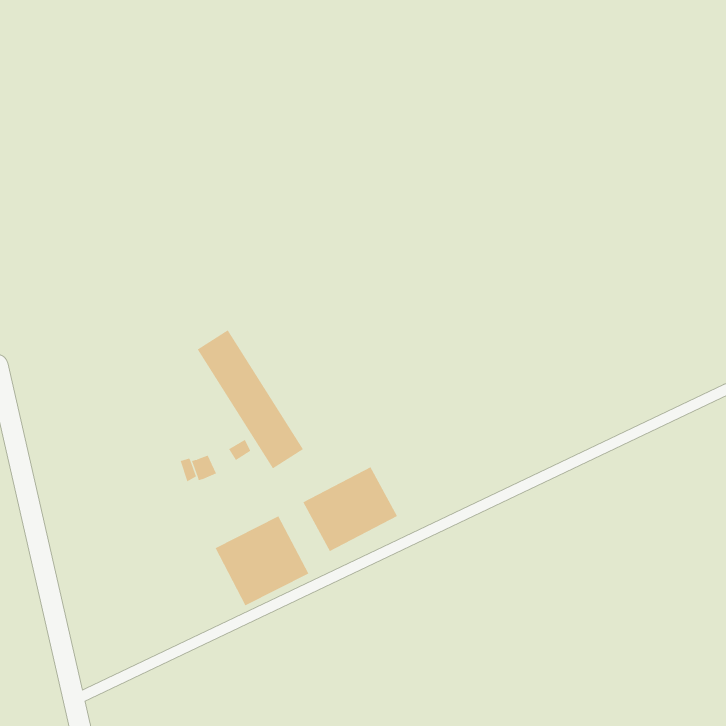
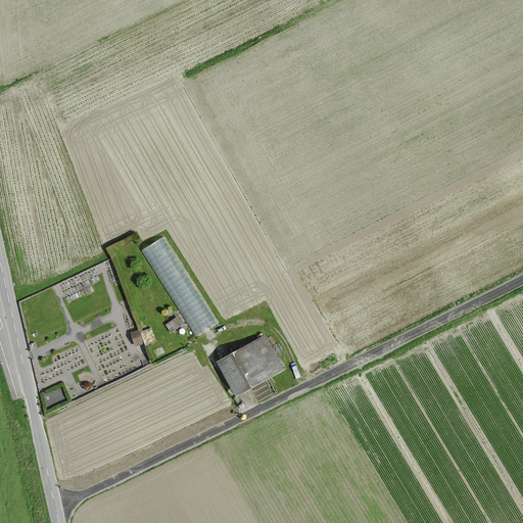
building: [215,515,309,606] -> none

